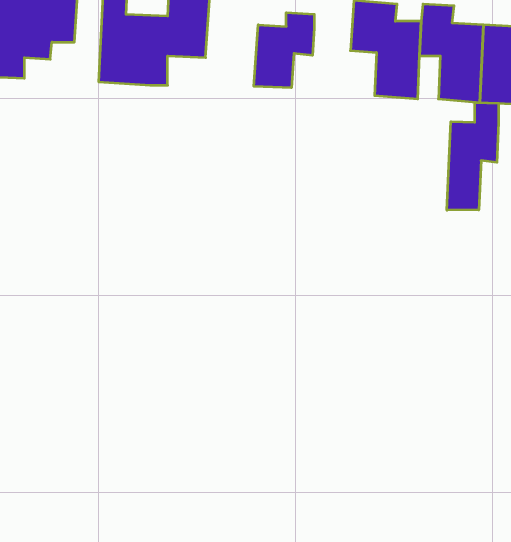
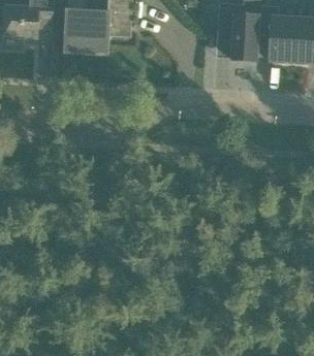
building: [254,13,314,88] -> none
building: [447,103,499,210] -> none

